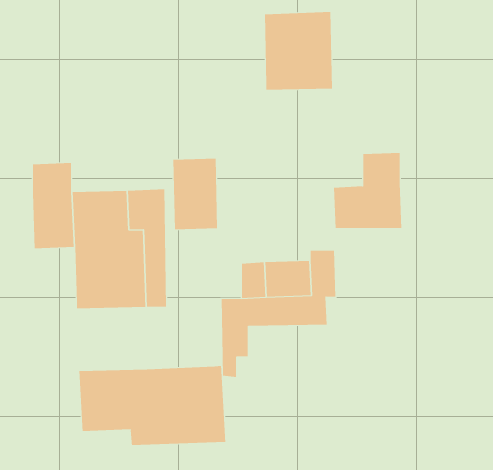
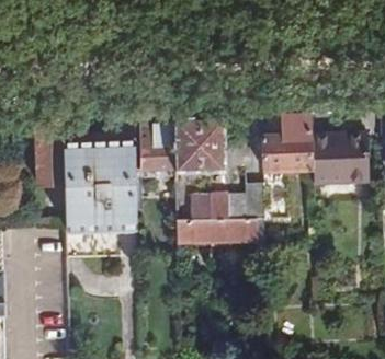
building: [264,11,333,90] -> [172,117,224,176]
building: none -> [310,136,366,186]
building: [79,365,226,446] -> none

